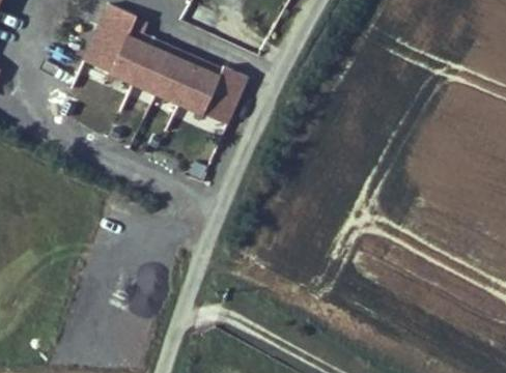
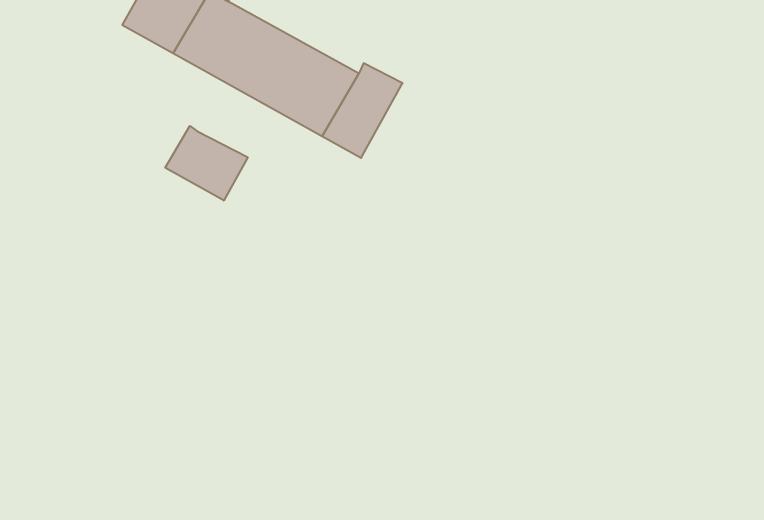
building: none -> [165,126,248,201]

